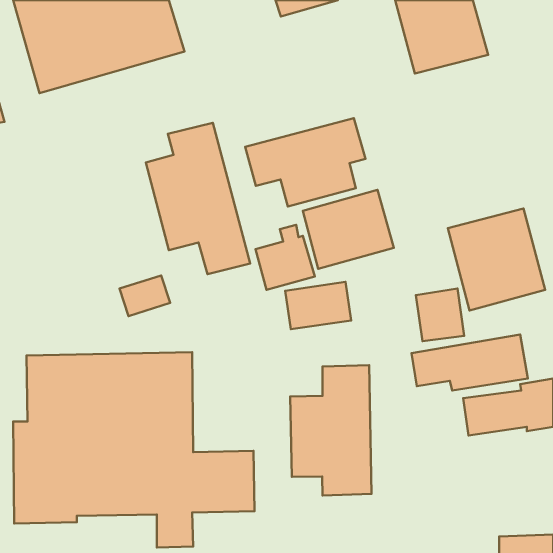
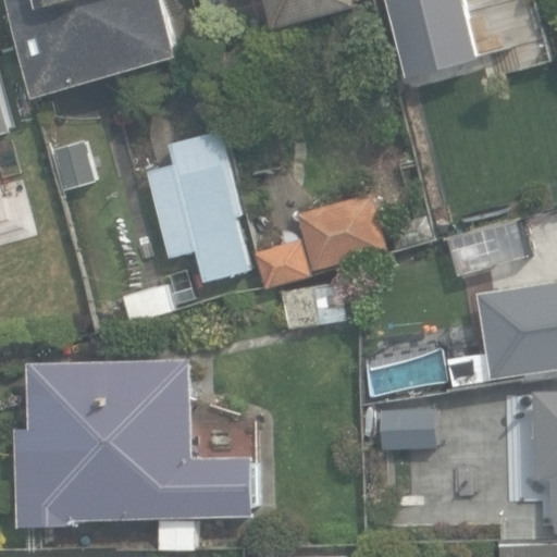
building: [245,118,365,206] -> none
building: [290,365,371,496] -> none

